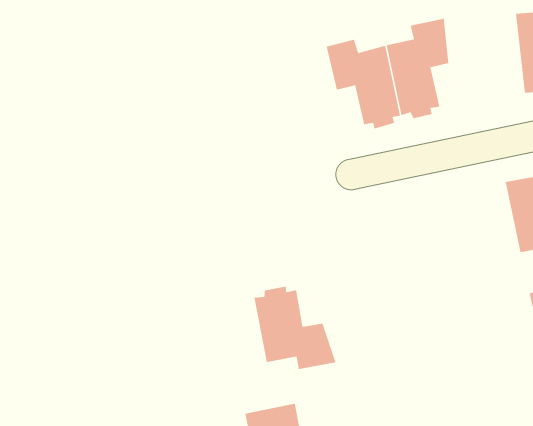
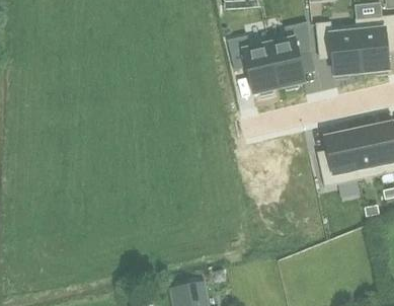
building: none -> [315,18,361,79]
building: none -> [316,132,358,186]
building: [254,286,336,370] -> none

